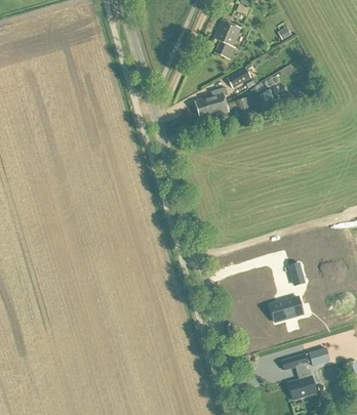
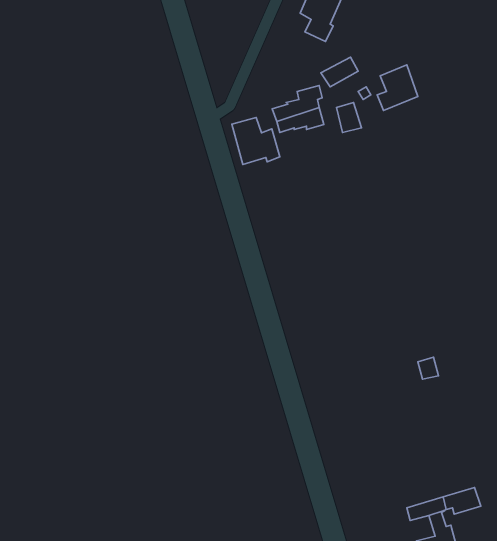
building: none -> [232,117,280,164]
building: [271,295,304,321] -> none

